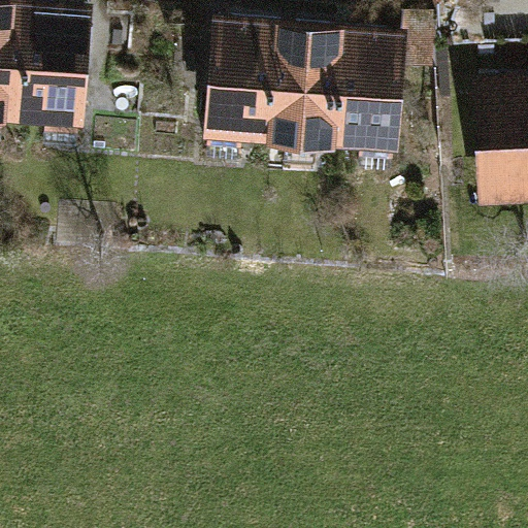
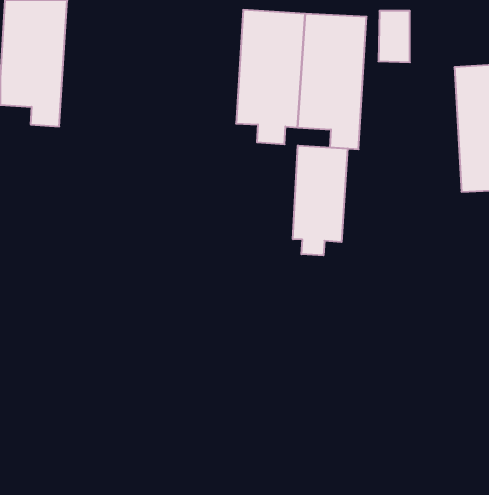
building: [198,16,270,157] -> none
building: none -> [293,145,347,255]

